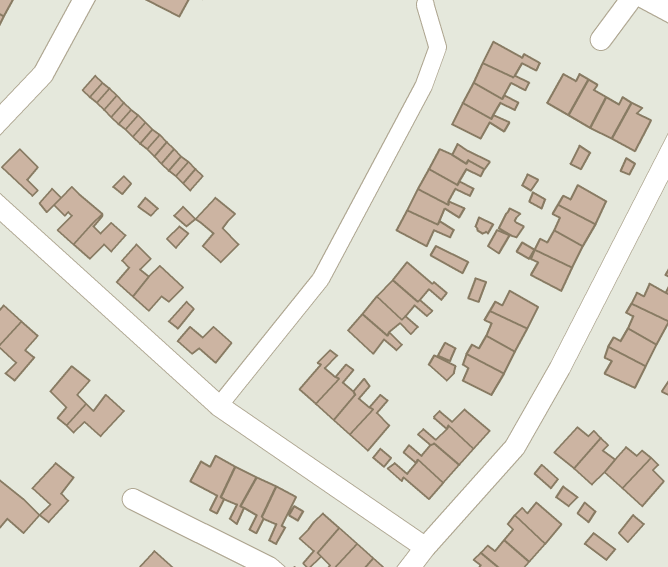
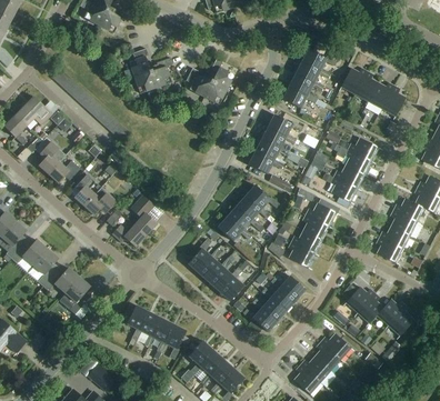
building: none -> [129,48,173,92]
building: none -> [186,57,234,104]
building: none -> [14,96,52,126]
building: [196,198,239,262] -> [130,194,157,234]
building: none -> [11,239,47,264]
building: [32,463,74,522] -> [64,277,90,313]

